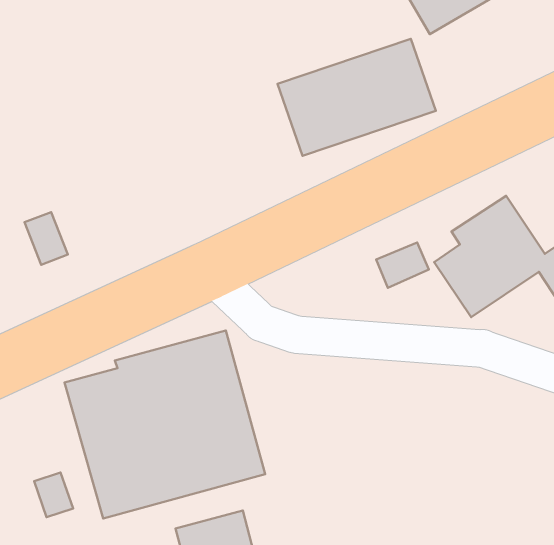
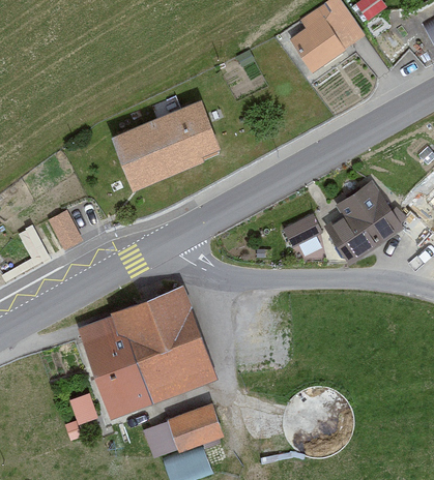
building: [277,39,436,156] -> [109,103,218,188]

